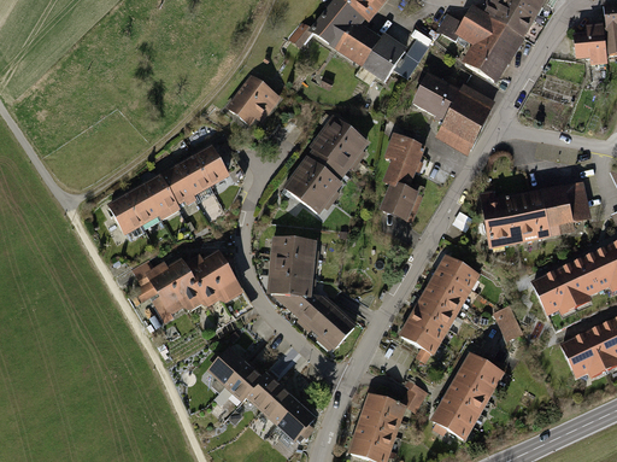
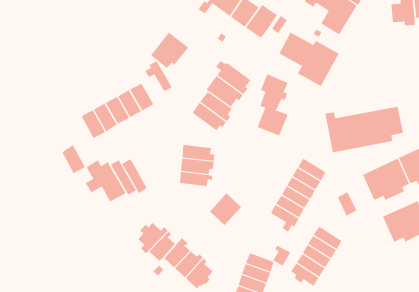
building: none -> [144,60,172,92]
building: [107,194,142,236] -> [62,145,86,174]
building: [199,248,242,304] -> none
building: [266,291,334,332] -> none

